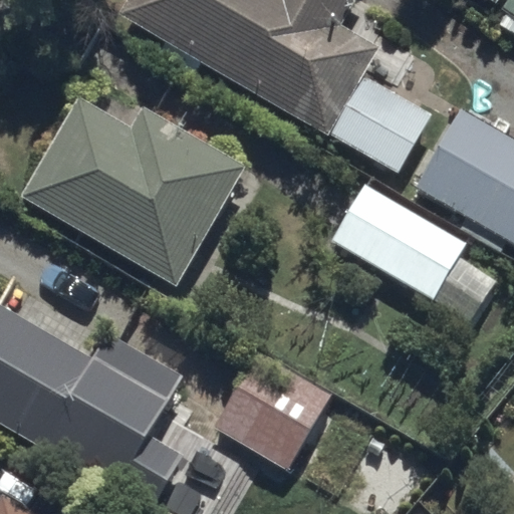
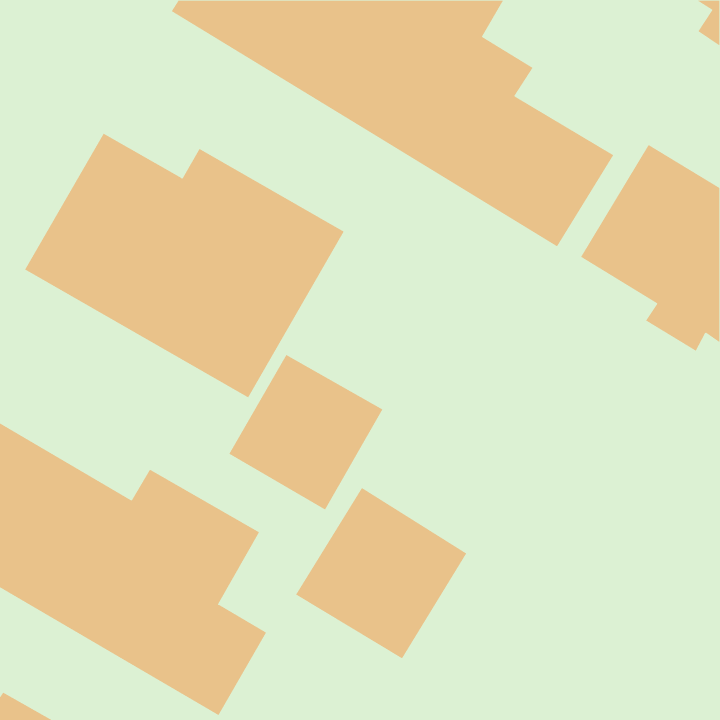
building: [330,179,497,327] -> none
building: none -> [229,354,383,511]

